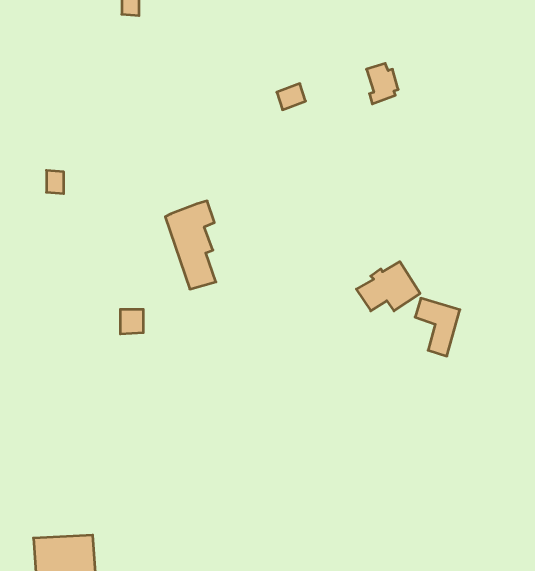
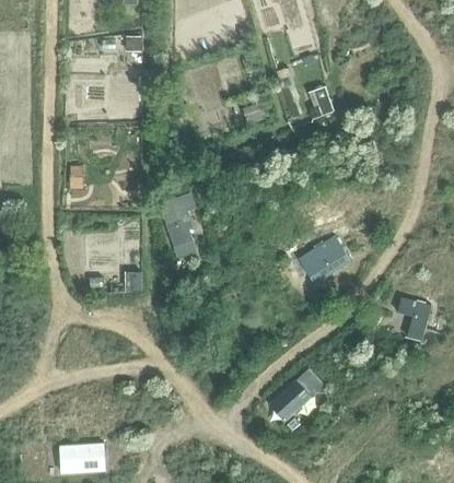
building: [415,298,460,356] -> [397,296,431,340]
building: none -> [268,372,324,421]

